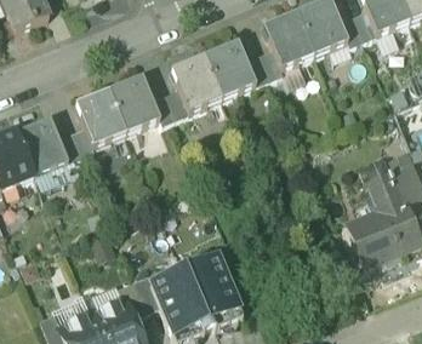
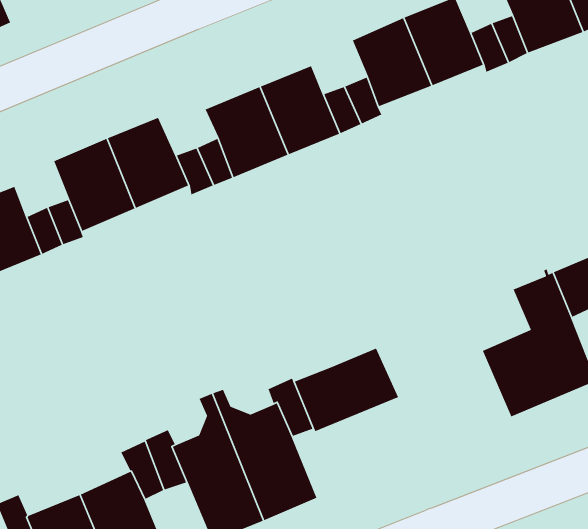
building: none -> [294,348,399,432]

